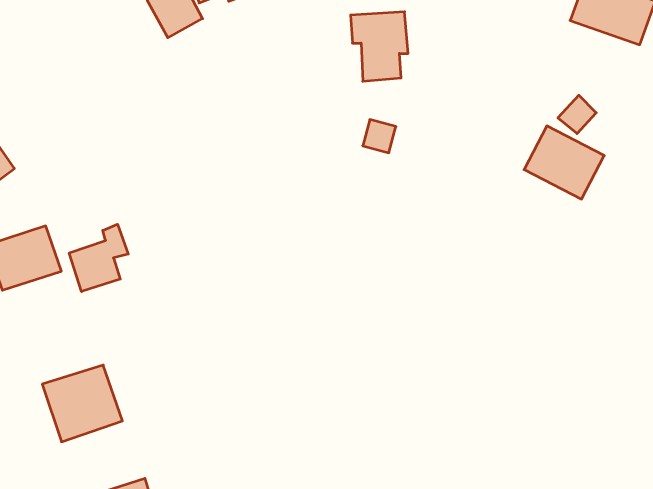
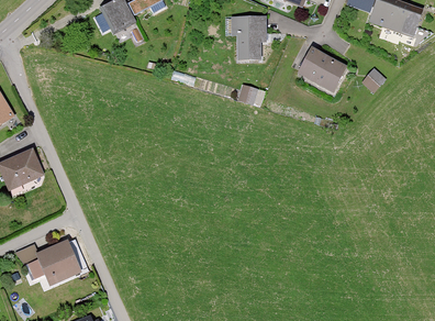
building: [524,126,604,199] -> [297,45,347,91]
building: [69,224,128,292] -> none

